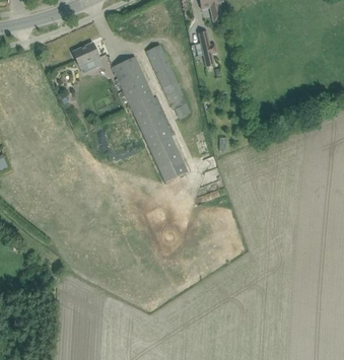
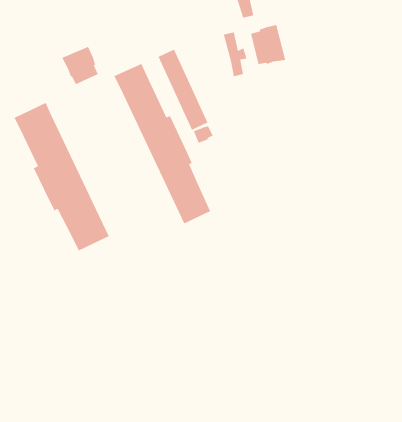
building: none -> [250,24,286,65]
building: none -> [13,102,110,252]

